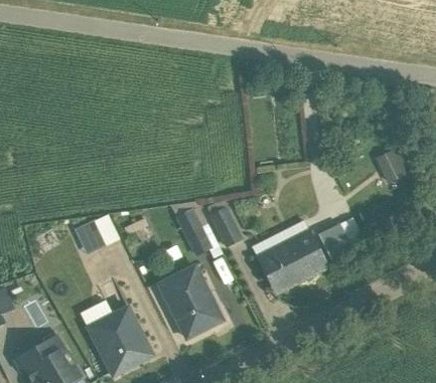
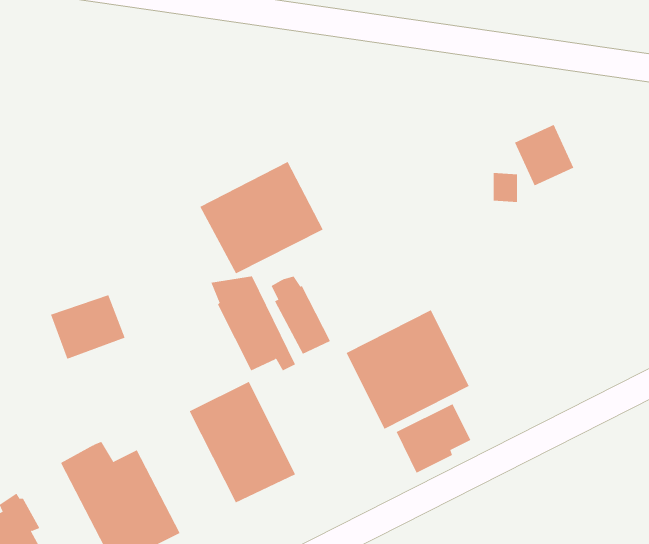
building: none -> [199,161,324,274]
building: [375,148,411,185] -> [514,124,574,186]
building: [318,218,364,260] -> [396,403,471,474]

